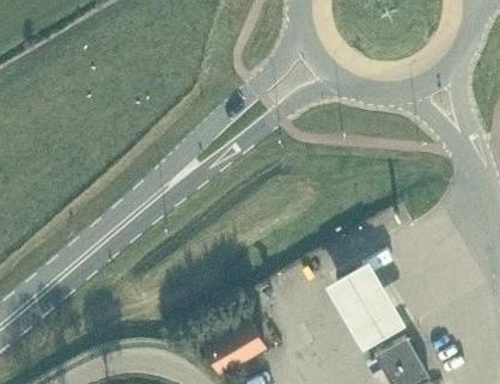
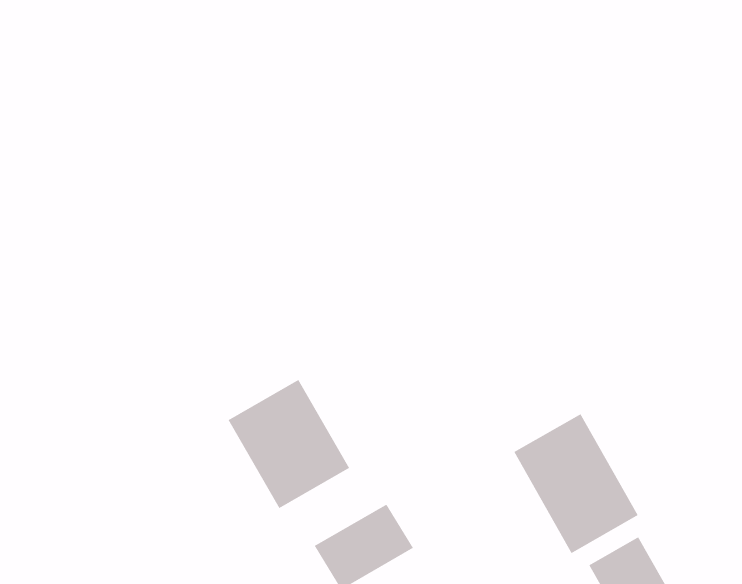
building: none -> [228,379,350,509]

